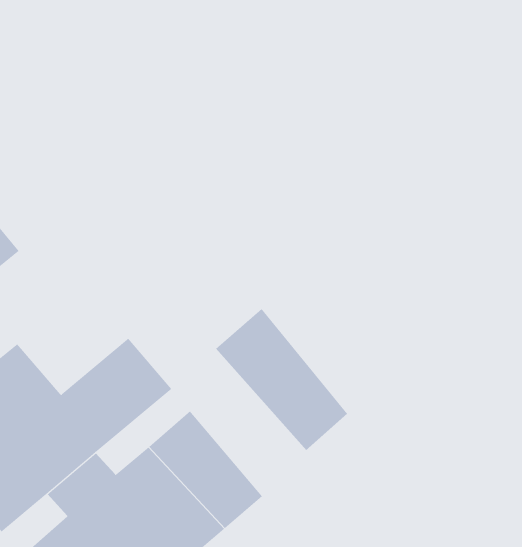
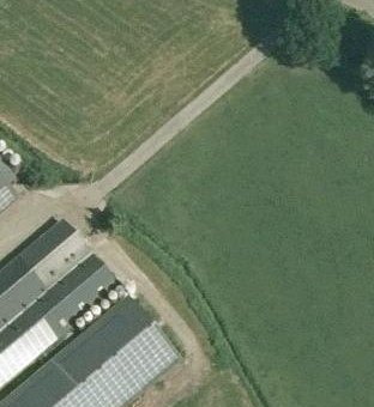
building: none -> [16,217,89,287]
building: [215,308,348,451] -> none

